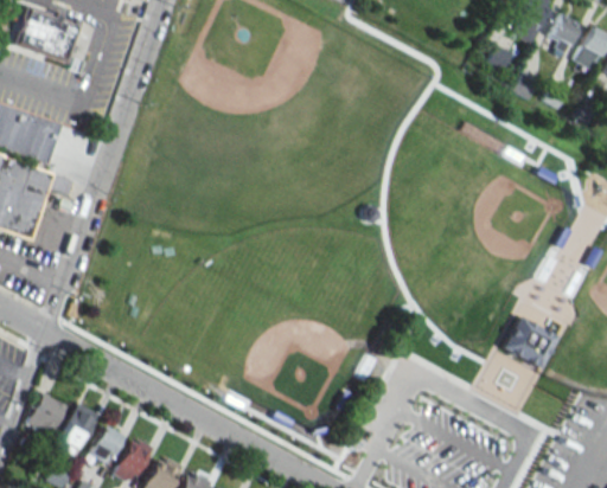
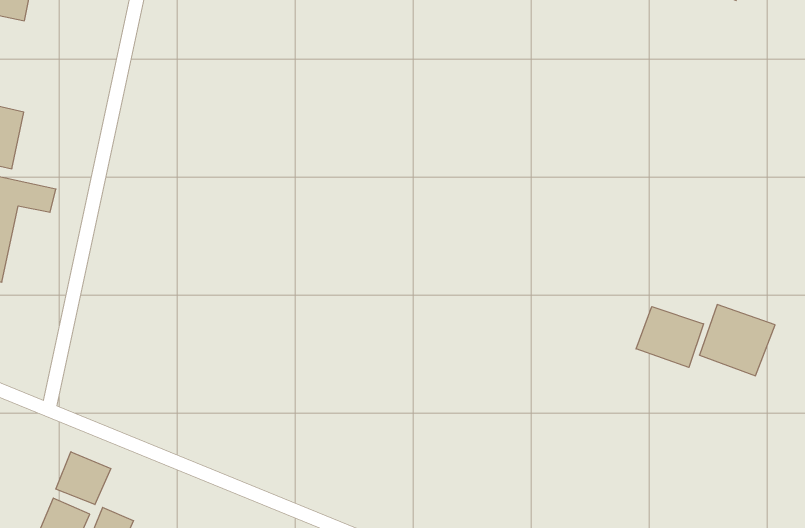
building: none -> [636,307,704,367]
building: none -> [56,452,111,505]

